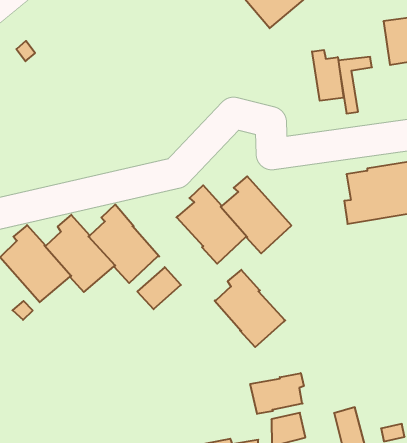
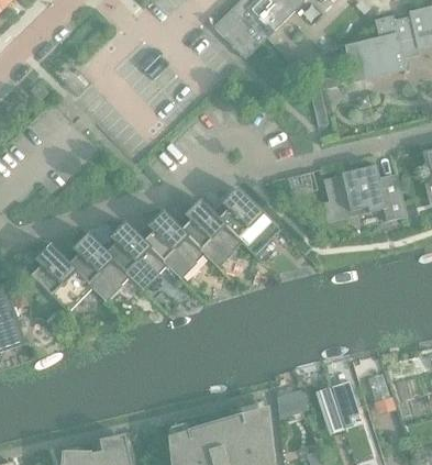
building: [312,50,344,101] -> none
building: [215,270,285,347] -> [142,210,204,276]
building: [250,373,304,414] -> none

